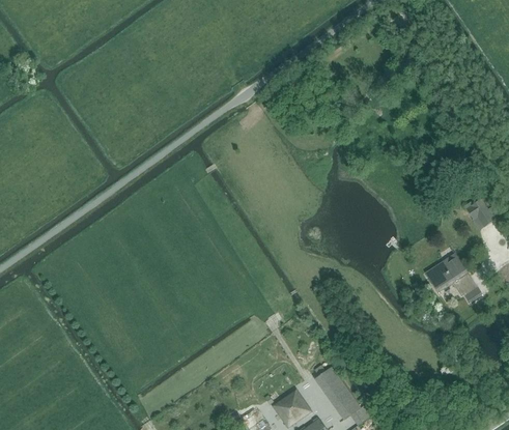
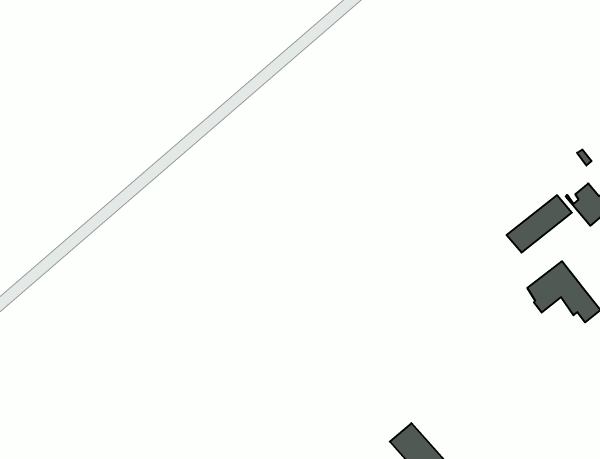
building: none -> [507,195,572,253]

